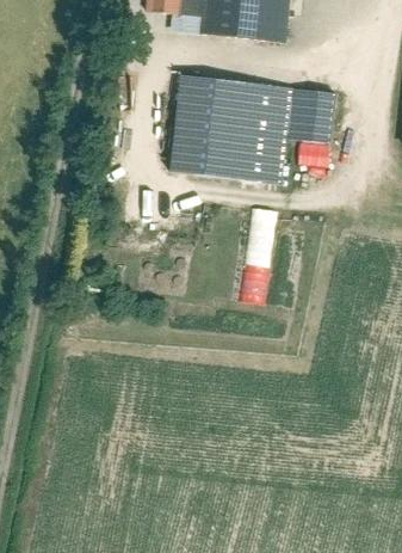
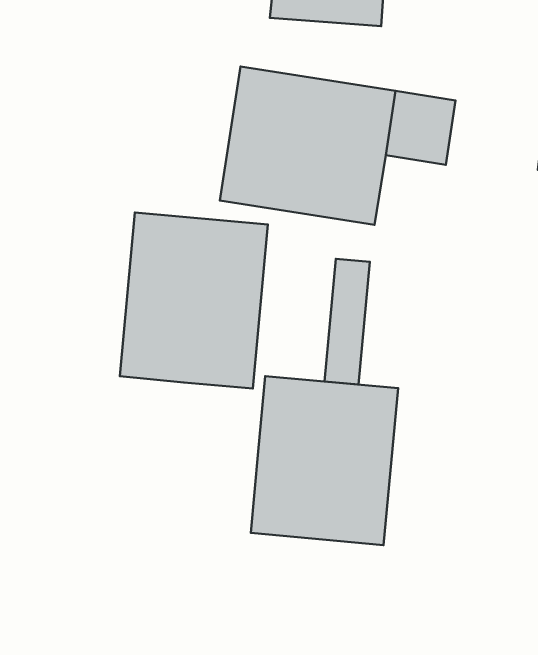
building: none -> [120,212,268,388]
building: none -> [251,376,398,545]

